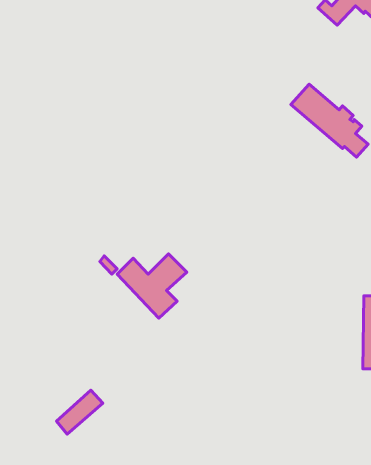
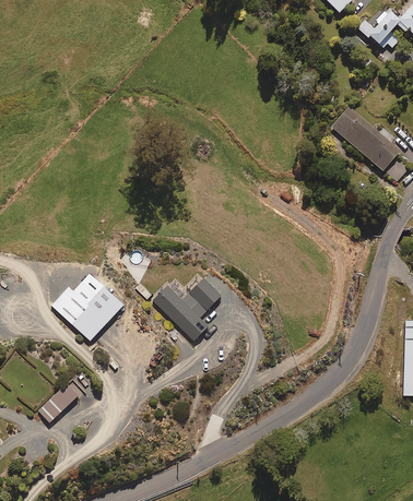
building: none -> [52,283,125,341]
building: [57,390,103,434] -> [39,378,86,422]

